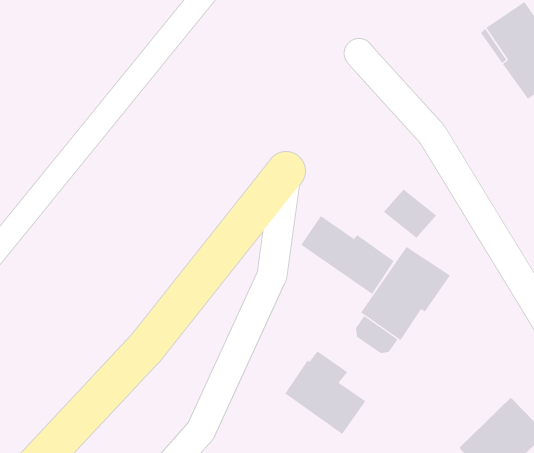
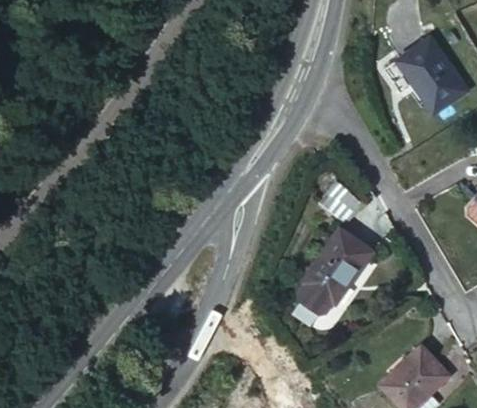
building: [300,215,395,295] -> none
building: [284,350,366,435] -> none

